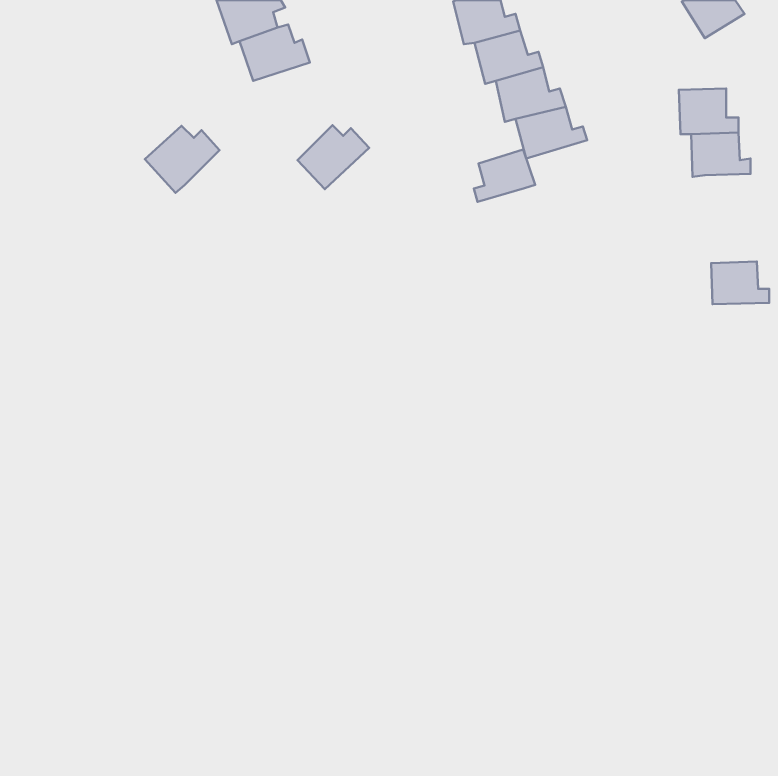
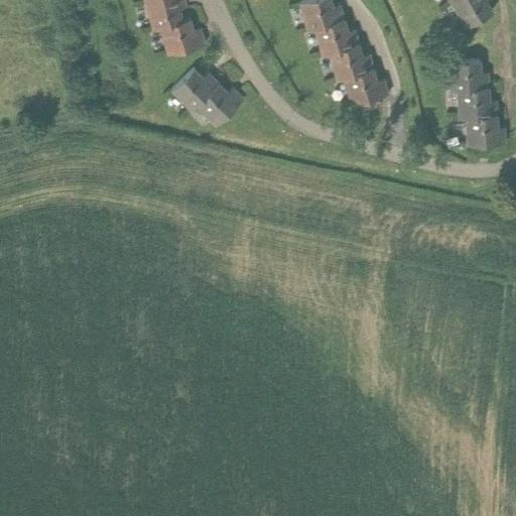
building: [145,126,220,193] -> [171,69,221,113]
building: [474,149,535,202] -> none
building: [711,262,769,304] -> [467,117,505,145]

